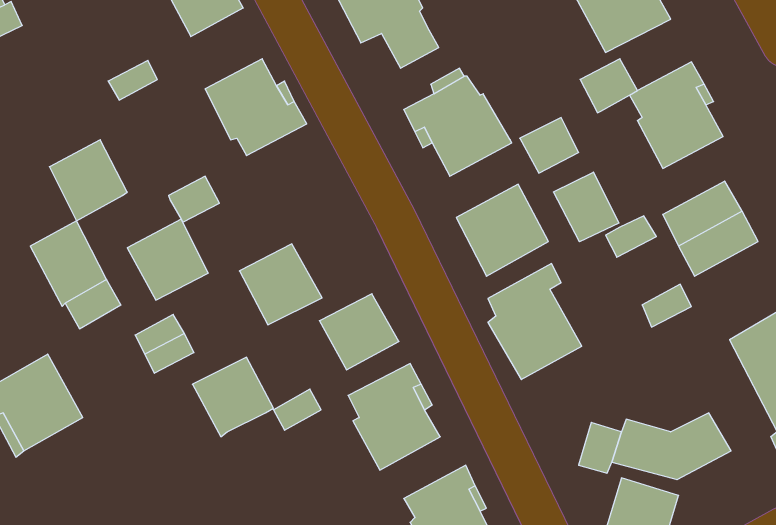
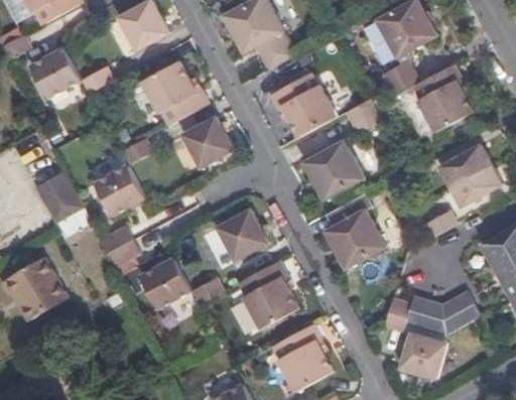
building: [49,140,127,221] -> [33,44,83,96]
building: [553,172,619,242] -> none
building: [239,244,322,325] -> [182,119,235,170]

